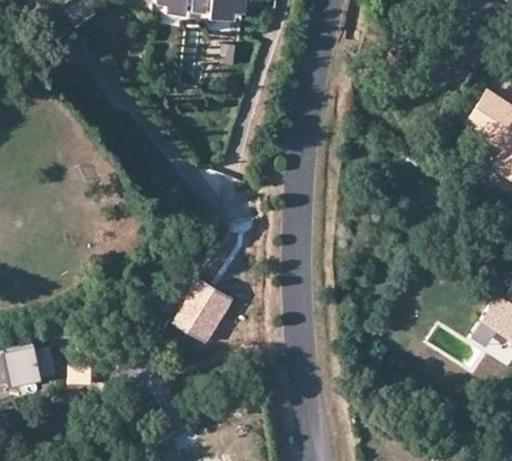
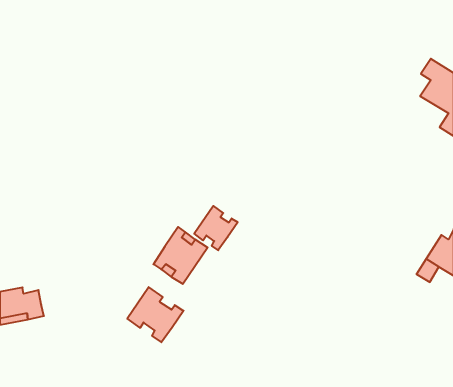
building: none -> [194,206,238,250]
building: none -> [127,287,184,342]

